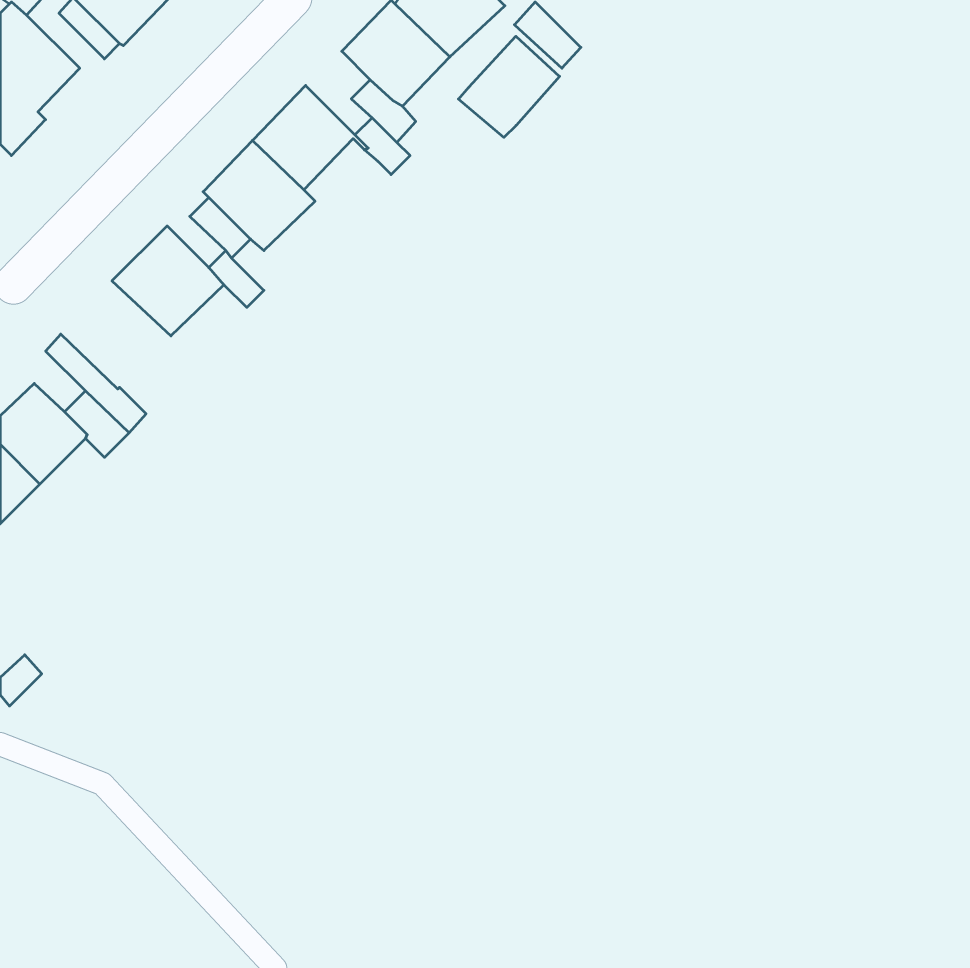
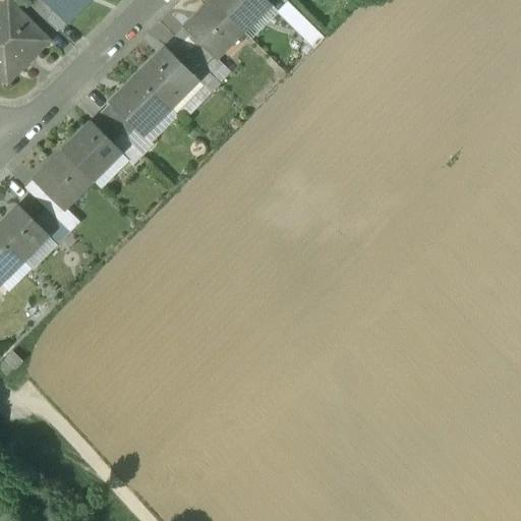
building: [458,36,560,137] -> none
building: none -> [163,74,202,114]
building: none -> [33,151,92,209]

